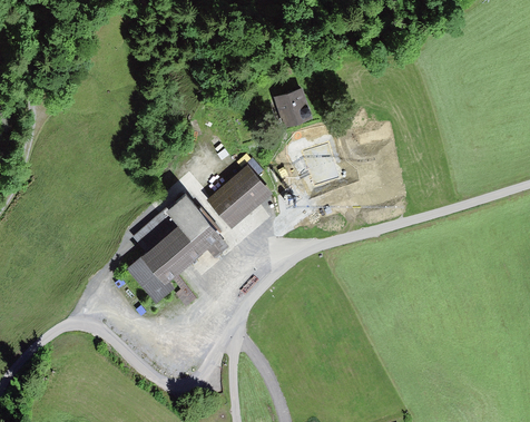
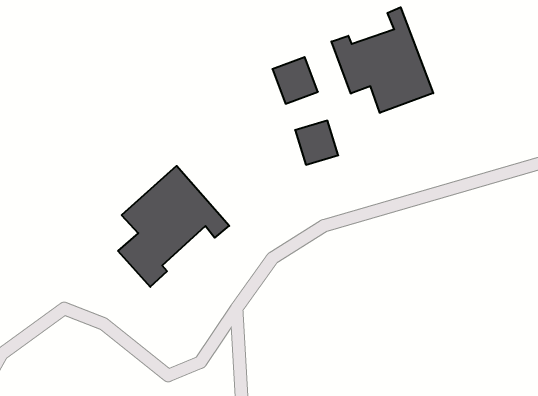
building: none -> [331,7,433,113]
building: [208,165,271,226] -> none

